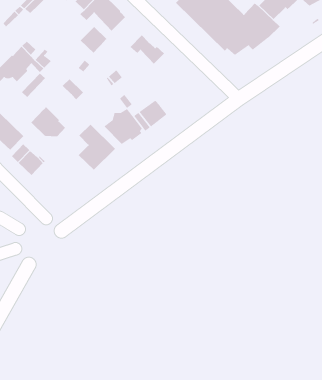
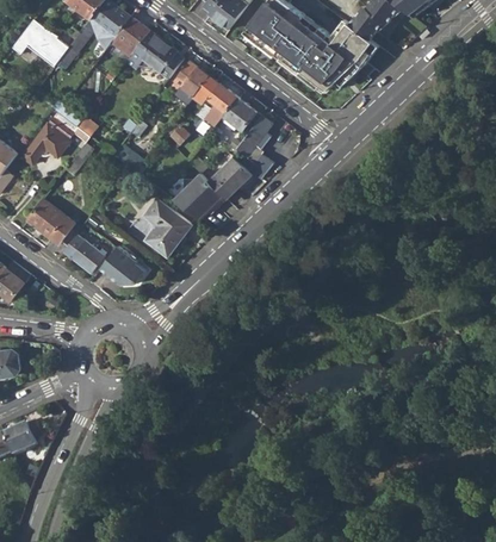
building: [80,26,108,53] -> [173,61,207,95]
building: none -> [222,98,255,130]
building: none -> [235,116,272,179]
building: [30,106,66,137] -> [99,245,144,284]

